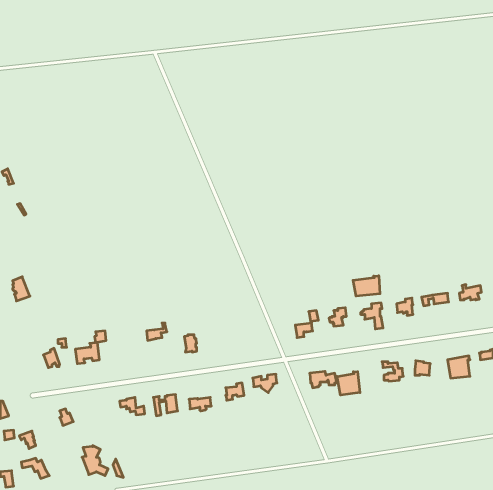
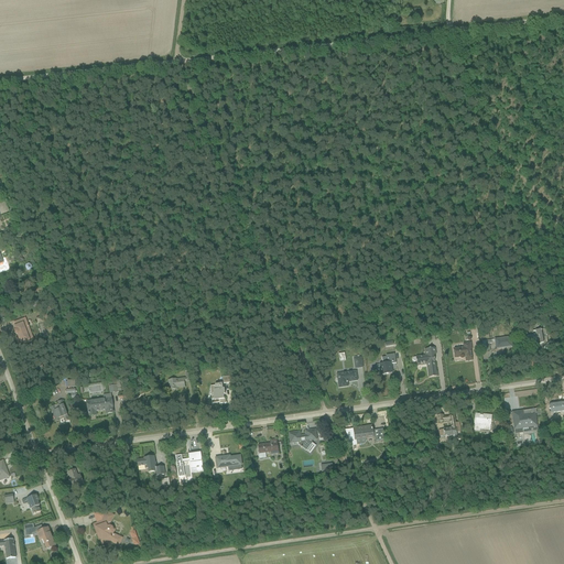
building: [353,276,380,296] -> none
building: [337,372,360,395] -> none

